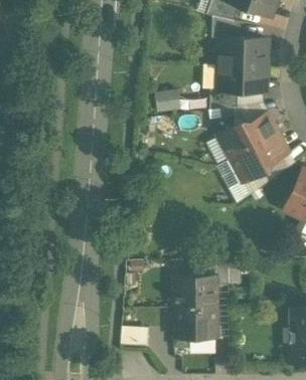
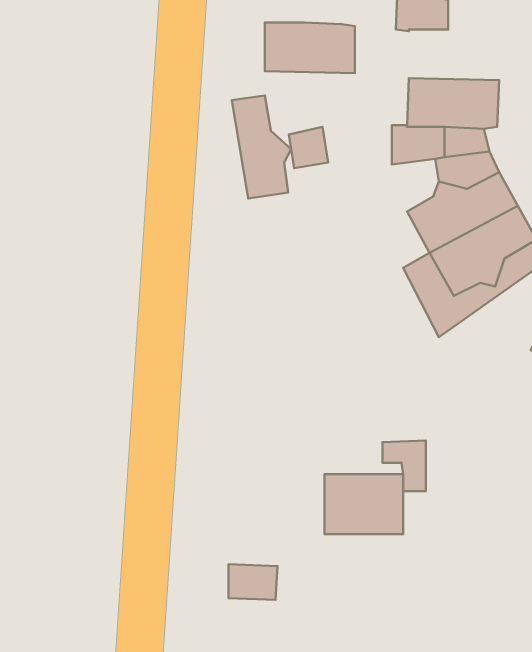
building: [220,37,269,64] -> [265,22,355,73]
building: none -> [232,95,291,199]
building: [175,308,217,338] -> none

